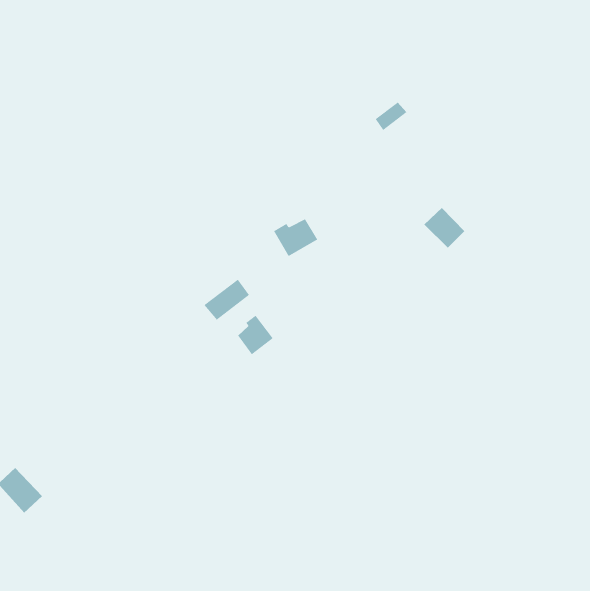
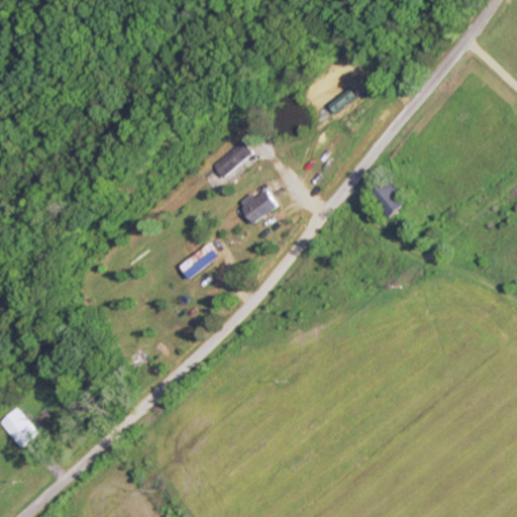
building: none -> [211,141,253,178]
building: [237,315,273,355] -> none

